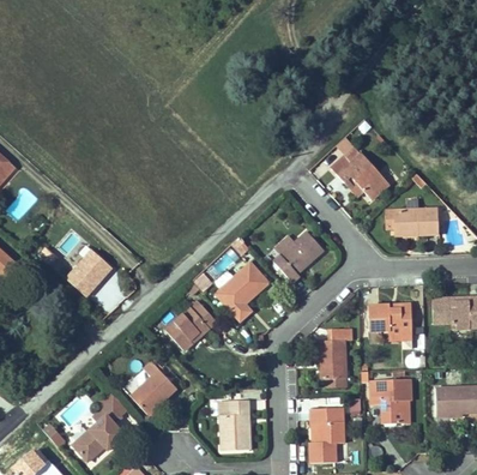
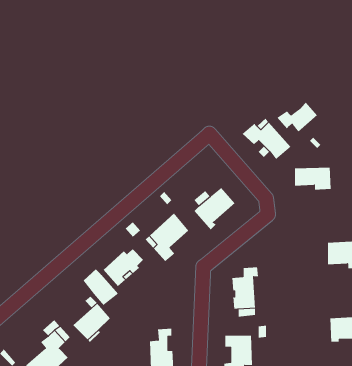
building: none -> [276,102,318,133]
building: [64,246,113,296] -> none
building: [368,303,412,335] -> none
building: none -> [83,268,119,306]
building: [370,379,409,423] -> none

